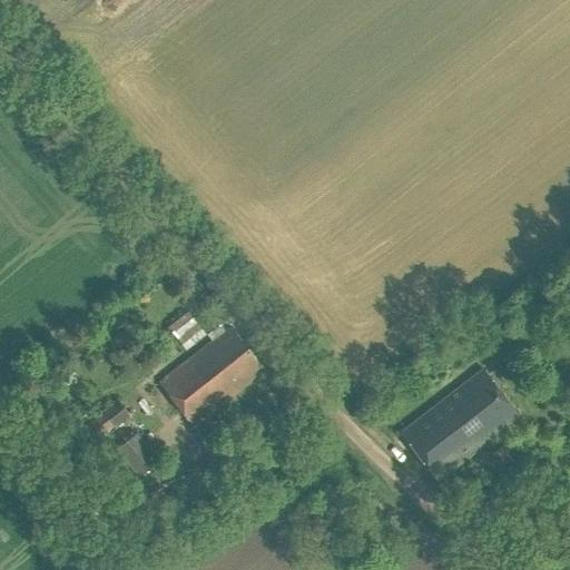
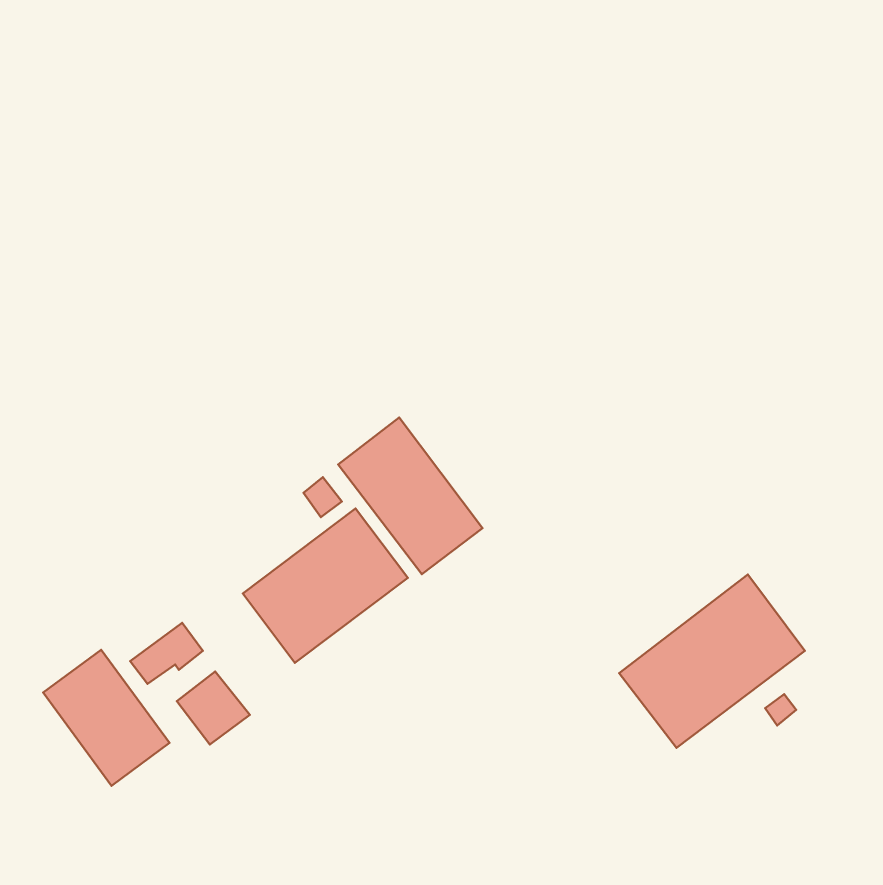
building: none -> [338,417,482,574]
building: none -> [43,650,169,786]

